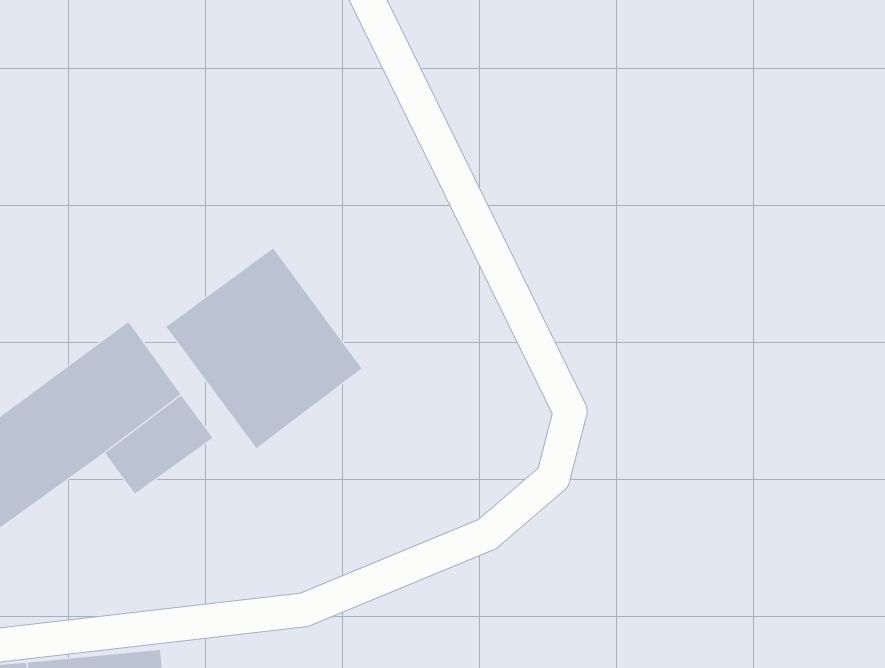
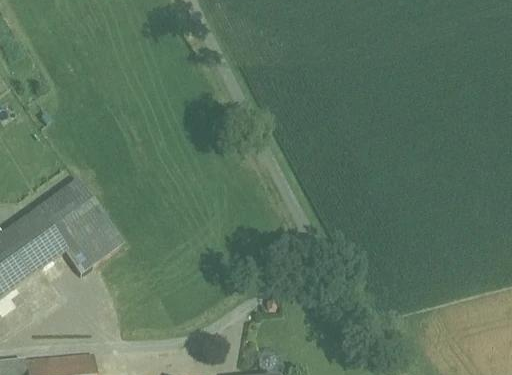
building: [166,248,363,449] -> none

